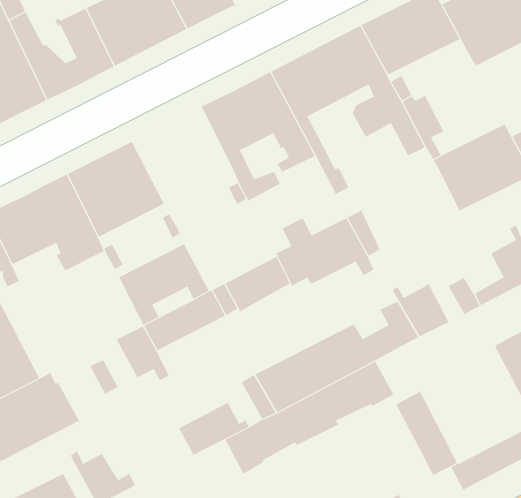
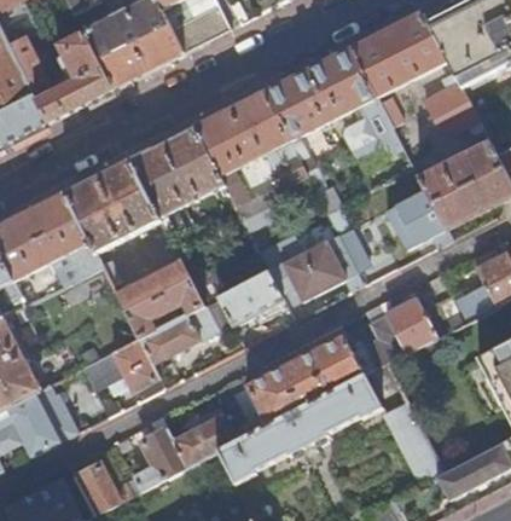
building: none -> [424,73,481,133]
building: none -> [128,126,223,218]
building: none -> [384,189,445,248]
building: none -> [133,416,187,488]

